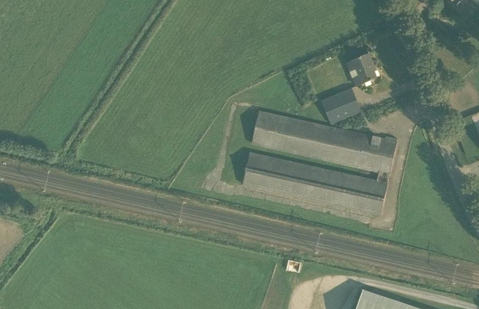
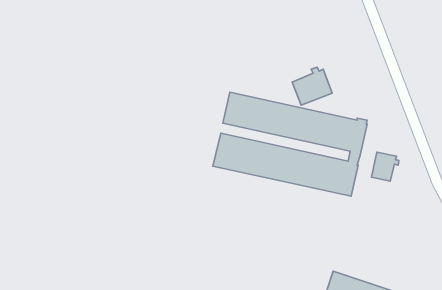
building: [345,53,376,86] -> none
building: none -> [371,152,399,181]

